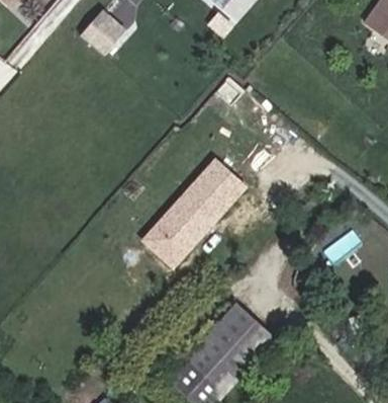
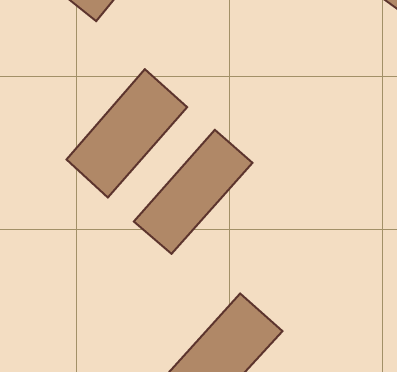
building: none -> [66,69,187,197]

